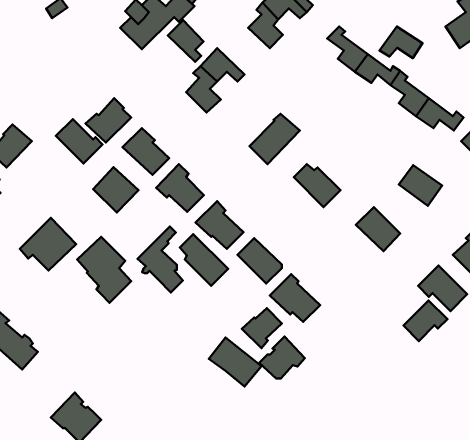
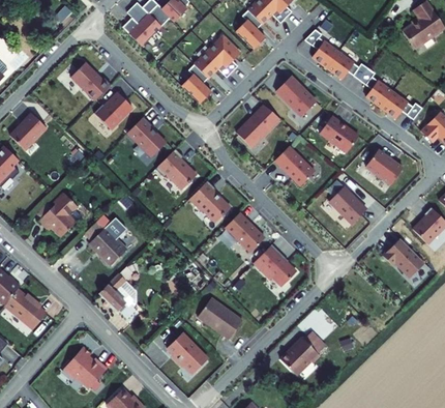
building: [168,20,204,62] -> [206,33,237,69]
building: [379,26,423,58] -> none
building: none -> [273,76,314,115]
building: [56,119,103,163] -> [68,62,109,100]
building: none -> [317,114,356,151]
building: [93,167,138,213] -> none
building: [137,227,183,292] -> [102,266,142,323]
building: [180,234,228,286] -> none
building: [403,300,447,341] -> none
building: [242,308,282,348] -> none
building: [259,337,305,378] -> [276,336,316,372]
building: none -> [167,332,207,374]

